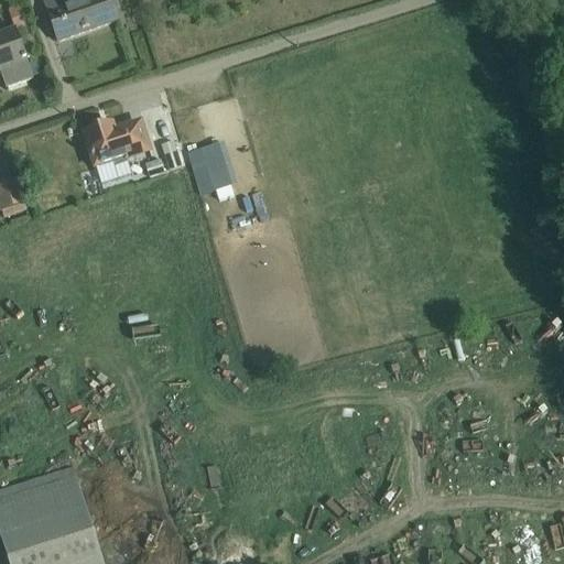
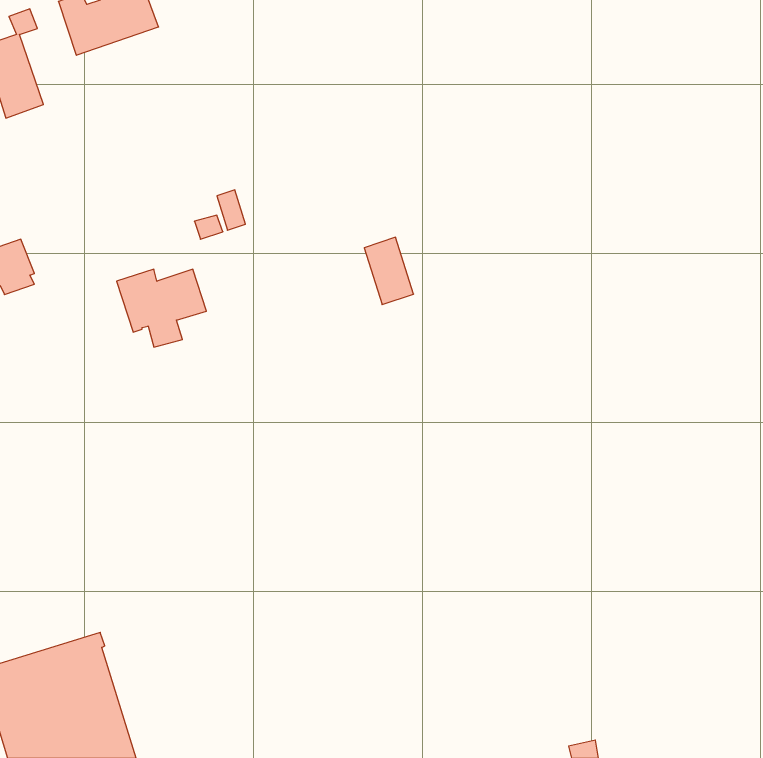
building: [83,122,149,180] -> [117,269,206,347]
building: [199,140,236,189] -> [364,237,414,305]

